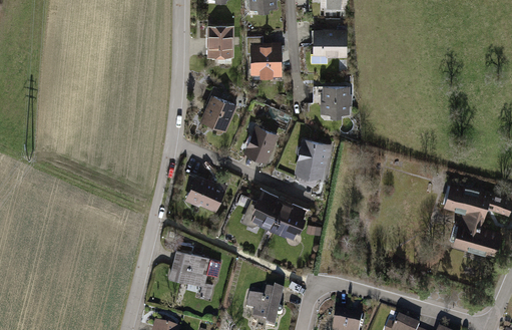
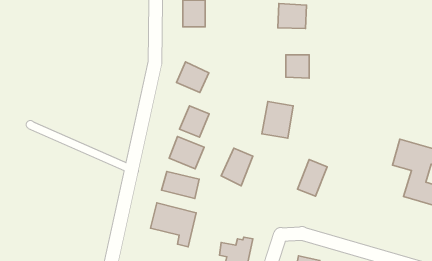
building: [250,46,278,77] -> none
building: [244,126,278,161] -> [180,106,209,137]
building: [272,201,305,242] -> [297,159,327,196]
building: none -> [162,172,199,198]

